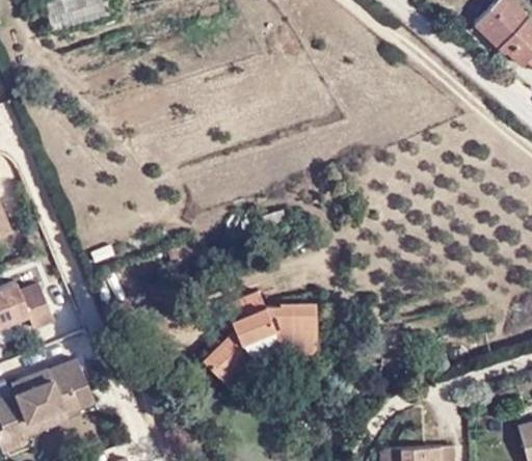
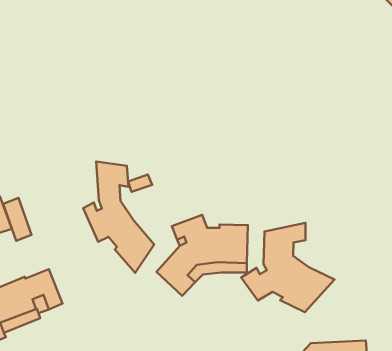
building: none -> [83,161,154,273]
building: none -> [241,223,334,312]

